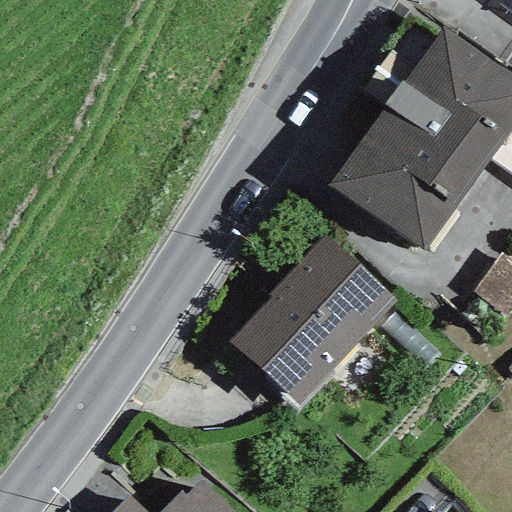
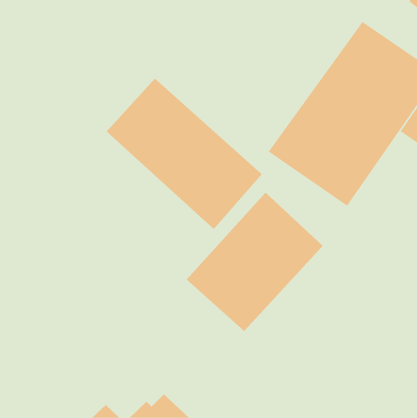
building: none -> [106,78,262,230]

